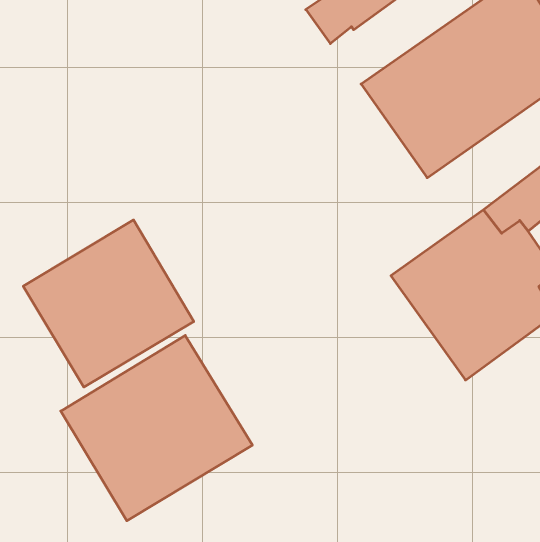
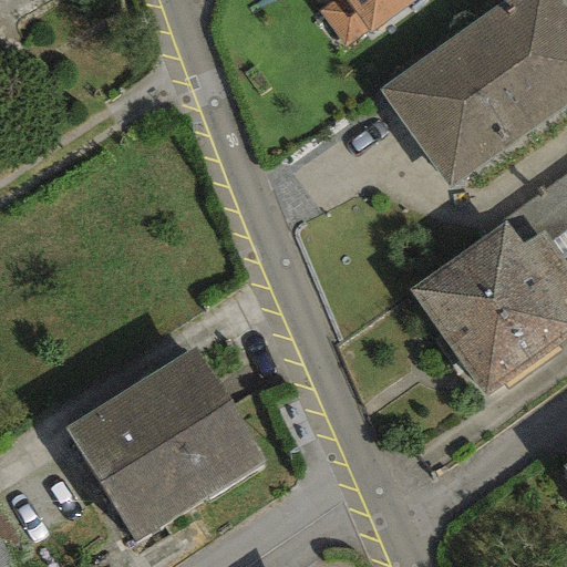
building: [23,220,194,387] -> none

